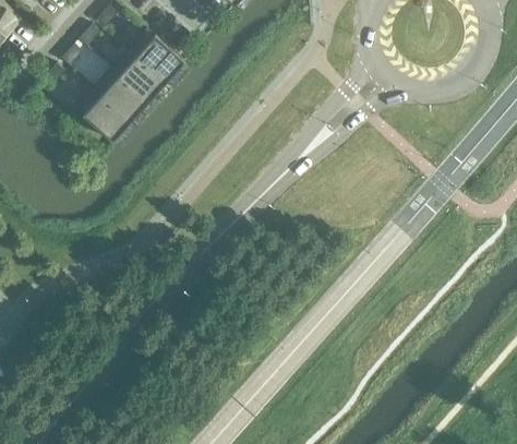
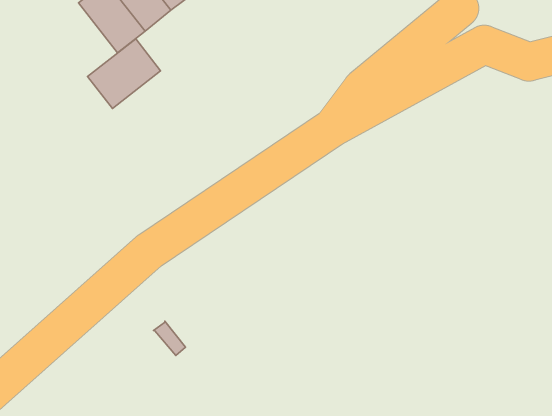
building: none -> [88,39,160,109]

